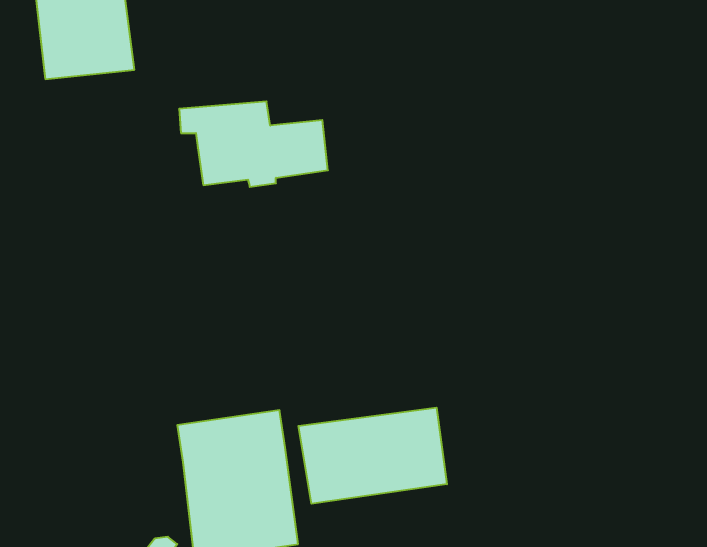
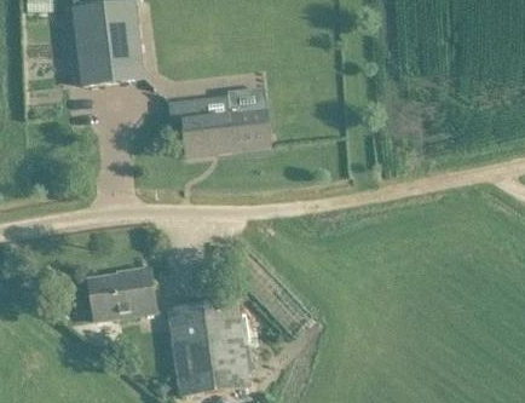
building: none -> [90,266,155,318]
building: [298,408,447,504] -> none

